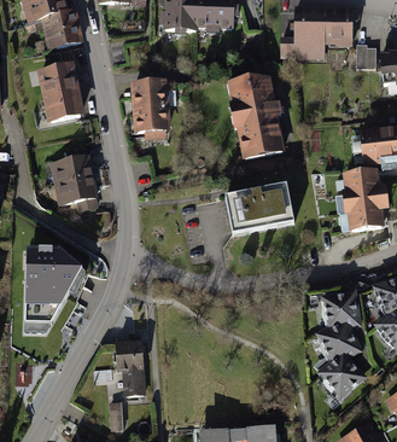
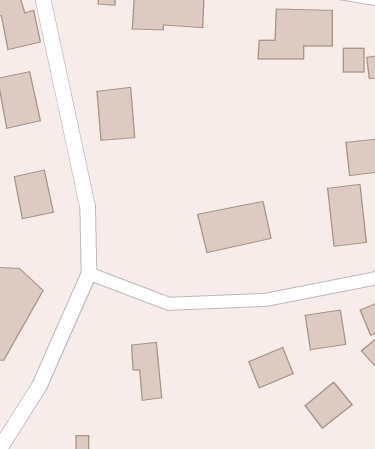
building: [228,78,280,158] -> none
building: [320,324,361,361] -> [249,347,293,388]
building: [116,343,144,396] -> [132,342,162,400]

